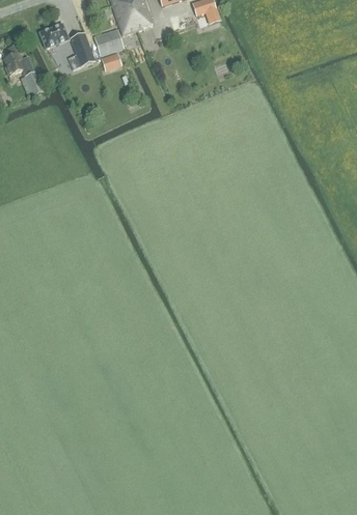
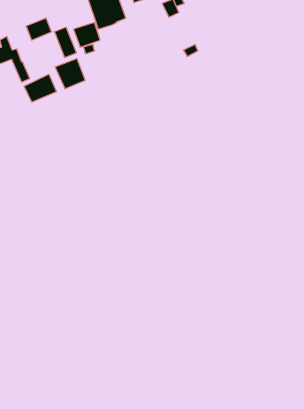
building: none -> [55,58,85,89]
building: none -> [24,74,57,102]

